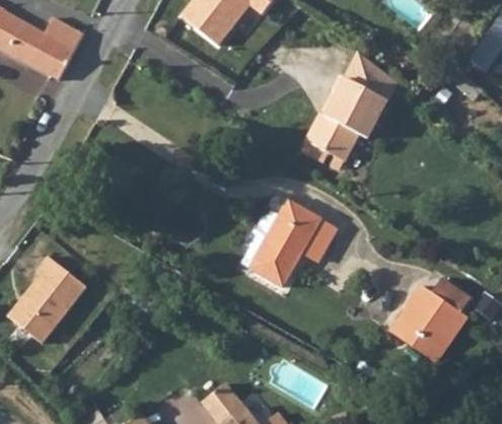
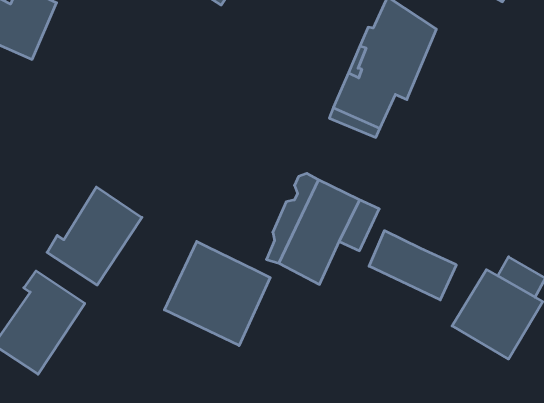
building: none -> [47,187,142,285]
building: none -> [164,241,270,346]
building: none -> [369,231,456,300]

